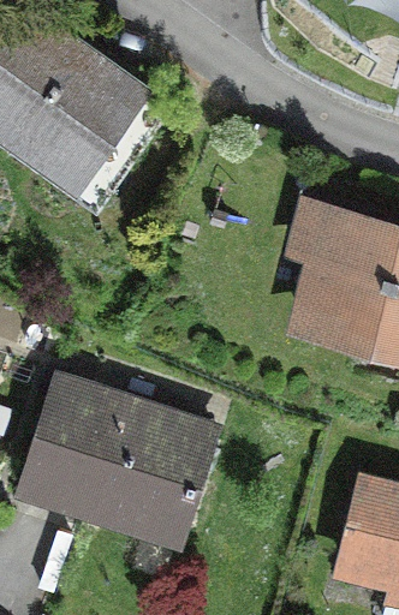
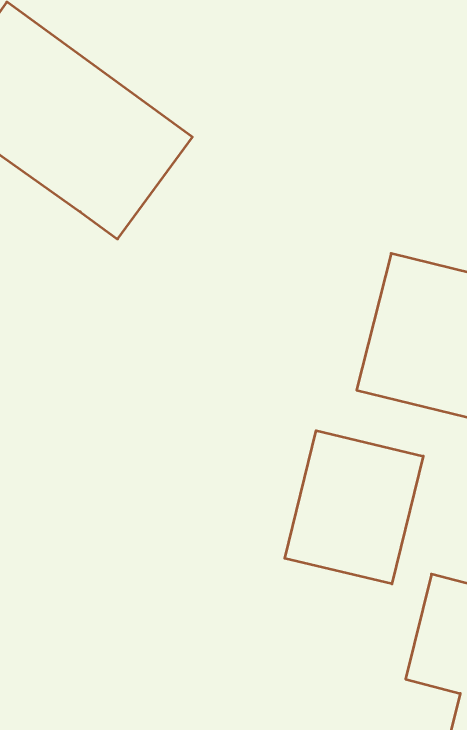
building: none -> [285,431,423,584]
building: [17,382,213,538] -> none

